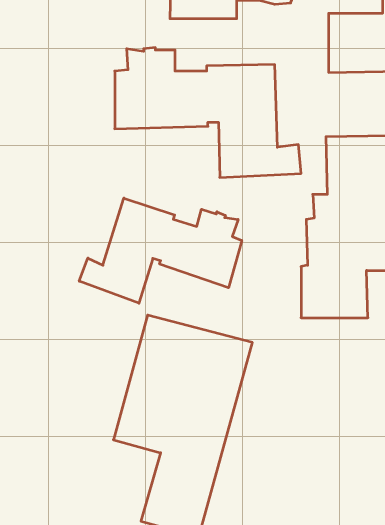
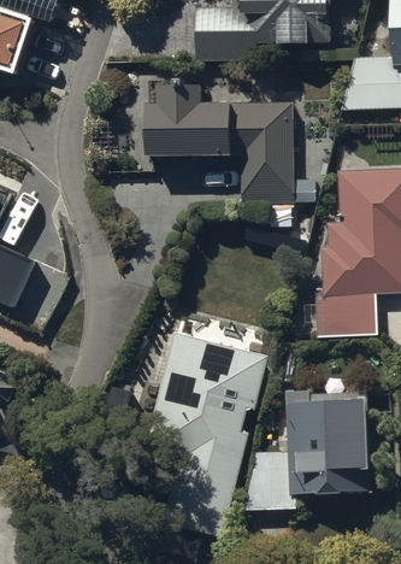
building: [79,198,242,303] -> none
building: none -> [241,389,371,509]

